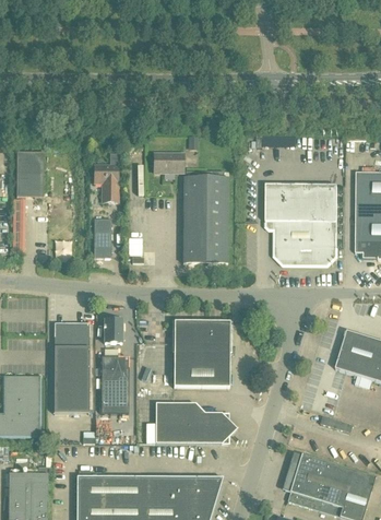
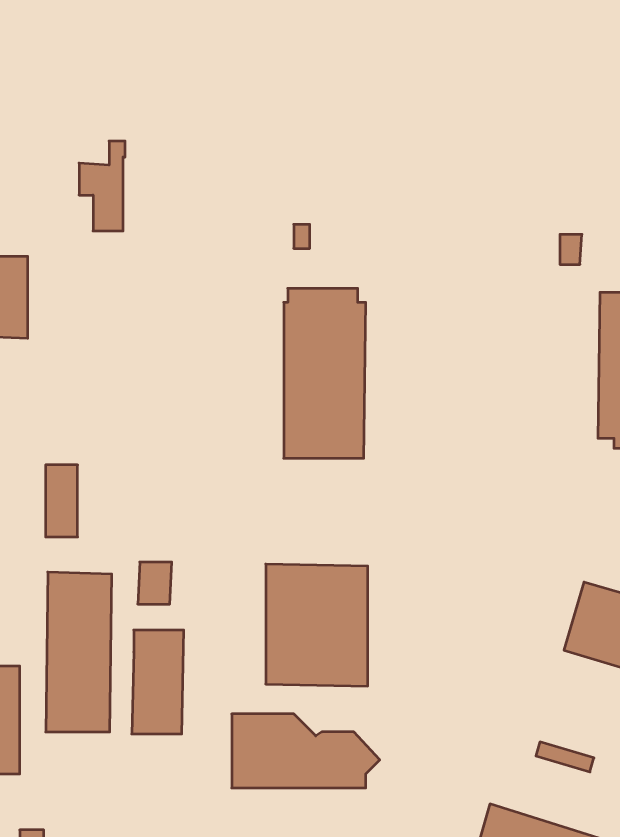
building: [94,152,119,201] -> [79,141,125,231]
building: [153,152,183,172] -> none
building: [265,184,336,265] -> none
building: [94,217,111,257] -> [46,465,78,537]

